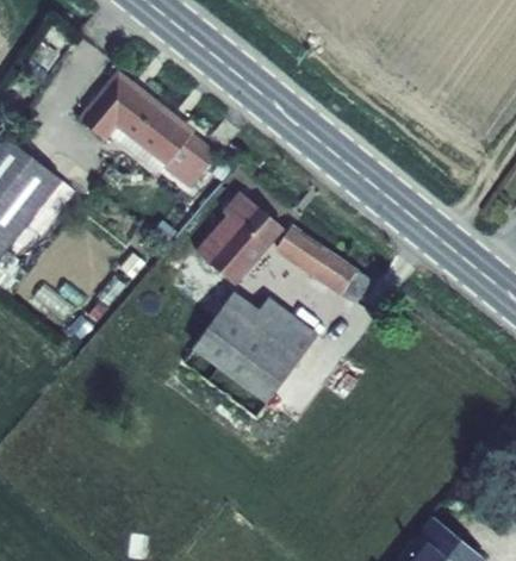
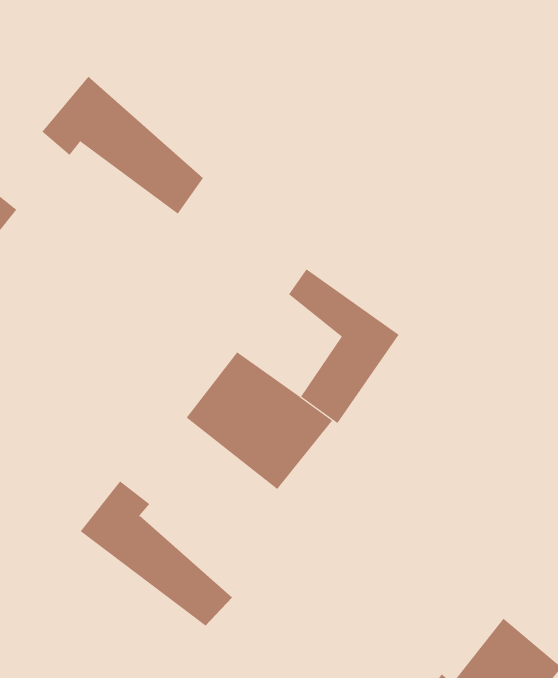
building: [194,191,280,282] -> none
building: none -> [80,480,233,626]

